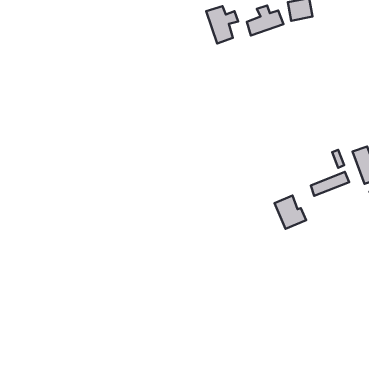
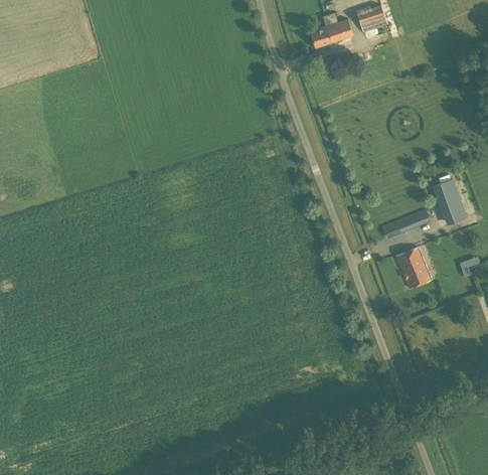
building: [206,6,238,44] -> none
building: [274,195,306,229] -> [395,249,433,288]

